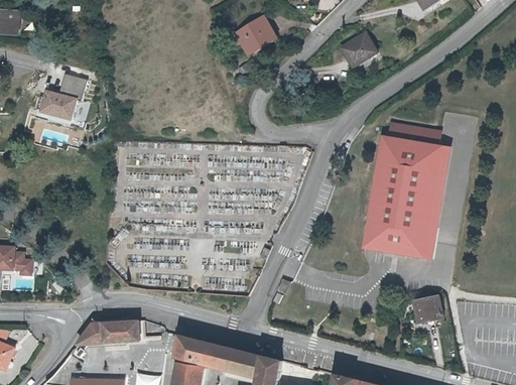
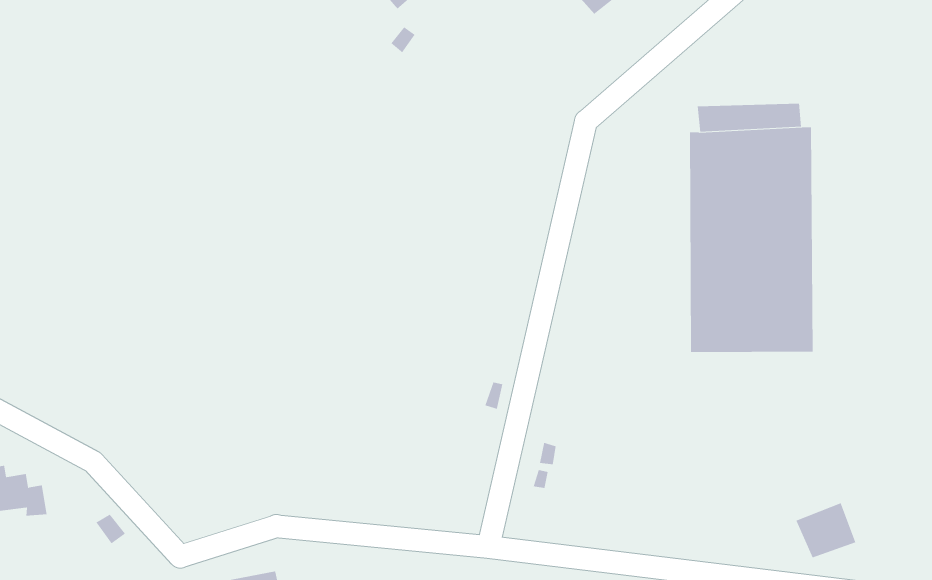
building: [39,75,86,120] -> none
building: [414,297,442,323] -> [796,503,856,558]

